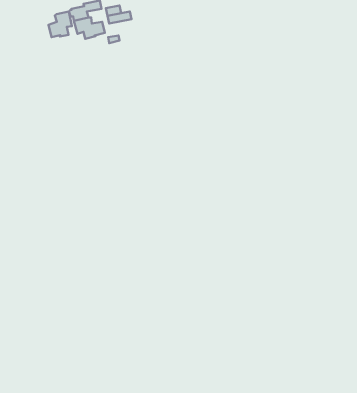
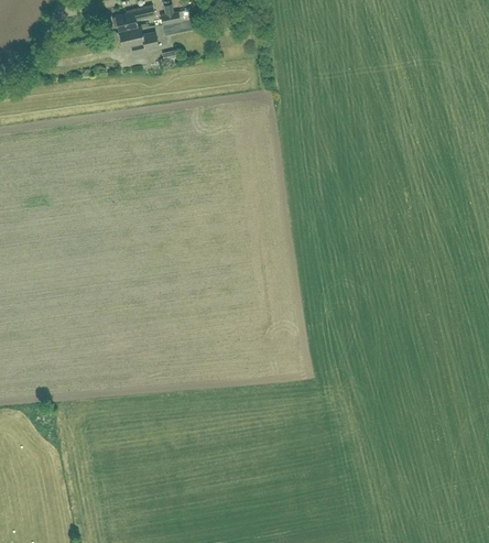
building: [48,11,72,37] -> none

